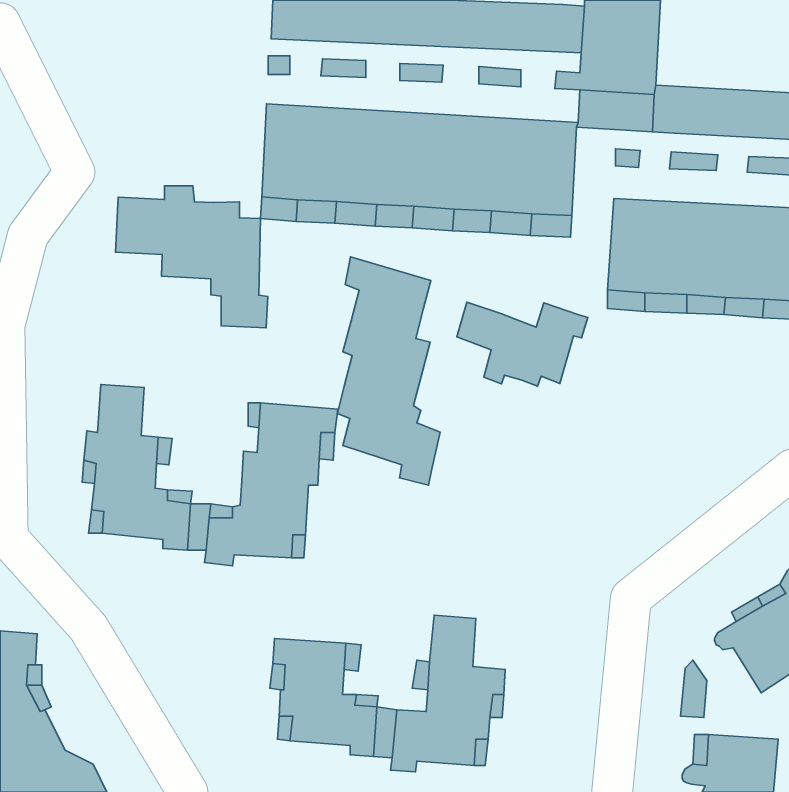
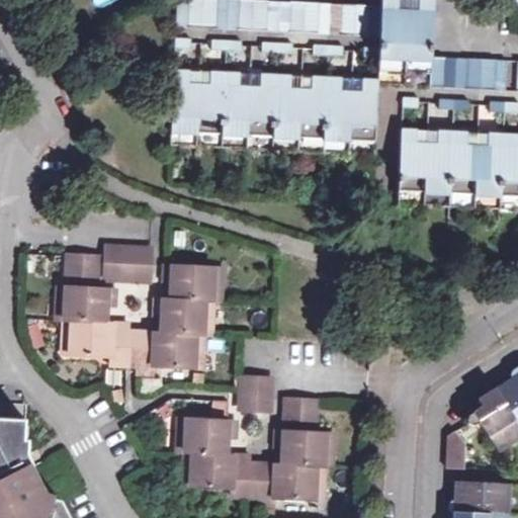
building: [116,186,268,328] -> none
building: [337,257,440,485] -> none
building: [457,302,588,386] -> none
building: none -> [104,243,149,275]
building: none -> [240,377,269,409]

